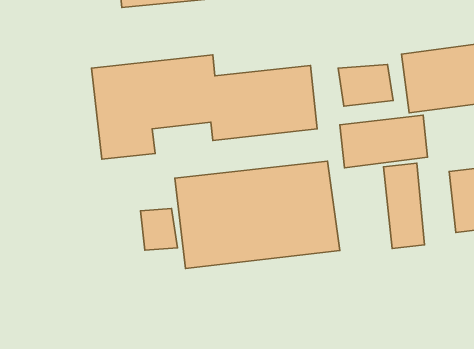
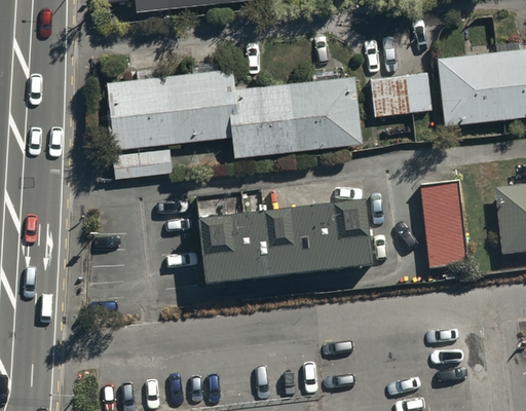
building: [340,115,427,168] -> none
building: [141,209,177,250] -> none

